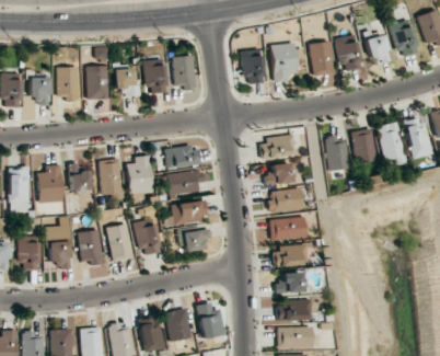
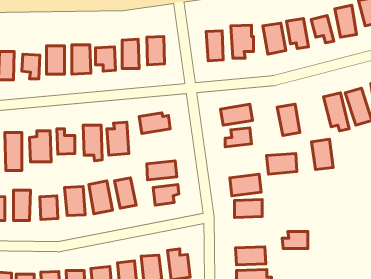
building: [352,128,378,163] -> [312,139,333,169]
building: [167,170,202,194] -> none
building: [268,188,303,213] -> [267,154,297,174]
building: [276,273,305,292] -> [282,232,308,249]

